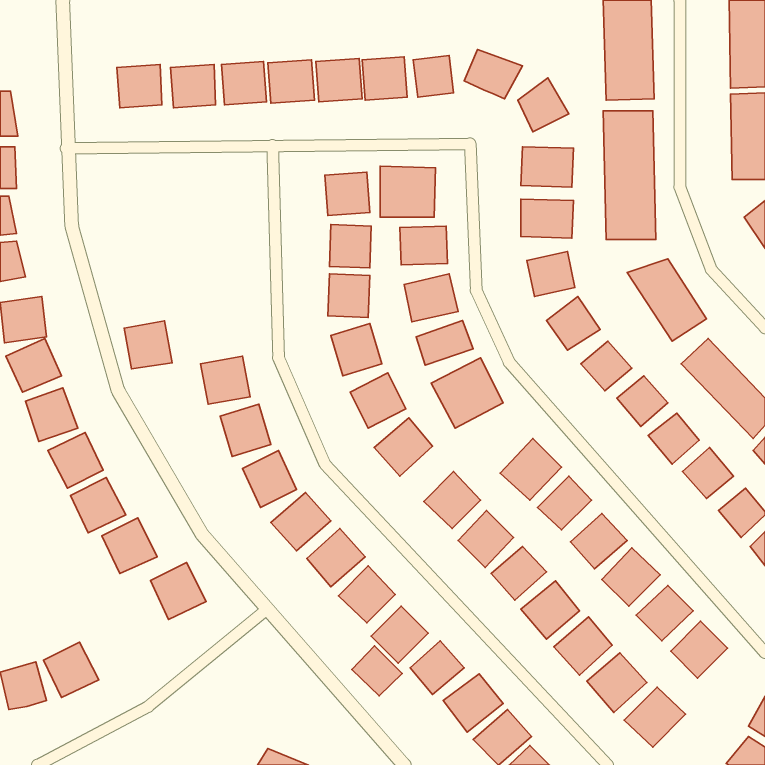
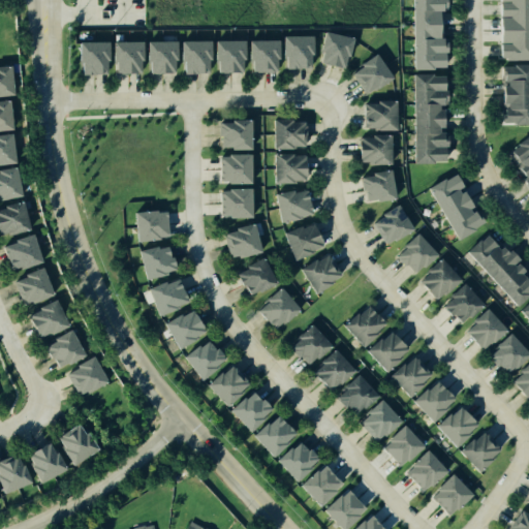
building: [124,321,172,369] -> [135,211,168,244]
building: [151,563,206,620] -> [60,426,98,465]
building: [352,646,402,696] -> none

